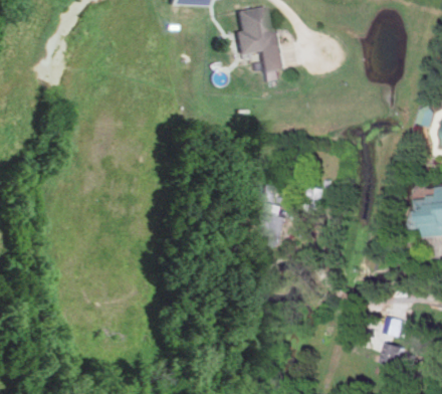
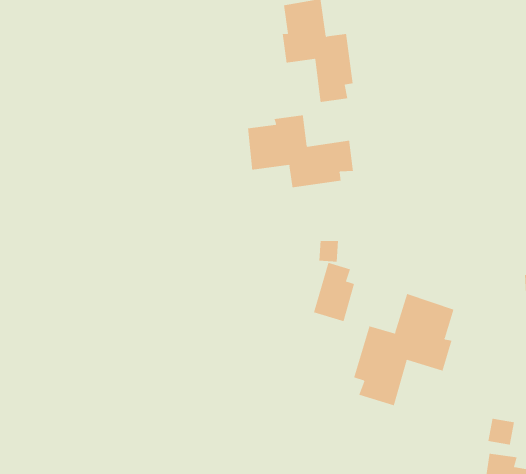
building: none -> [248,115,354,188]
building: none -> [354,293,454,406]

